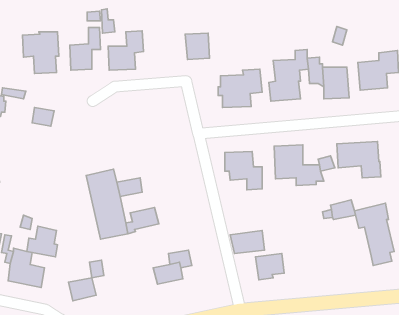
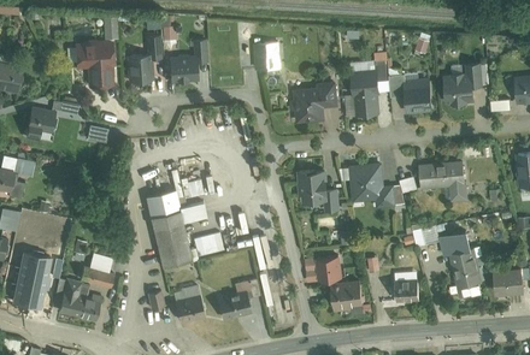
building: none -> [395,278,419,301]
building: [69,278,96,301] -> [175,295,205,320]

